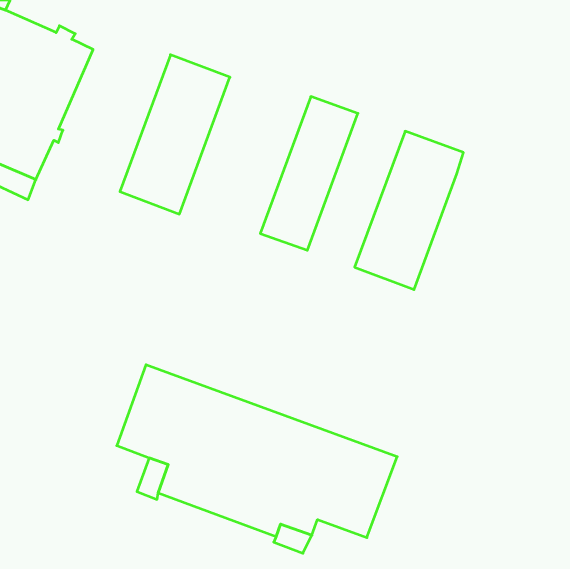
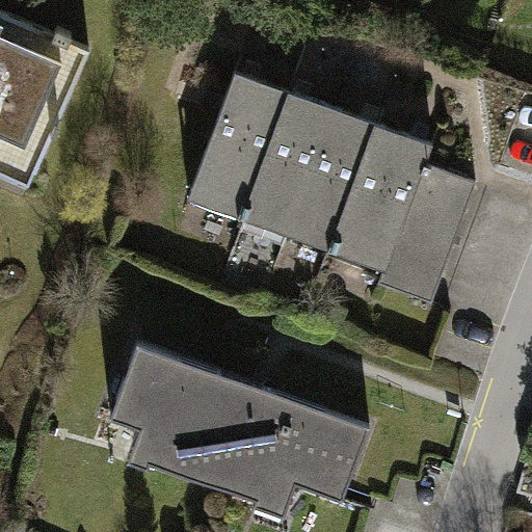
building: [120,55,230,214] -> [186,73,288,220]
building: none -> [285,109,375,251]
building: none -> [377,165,474,304]

